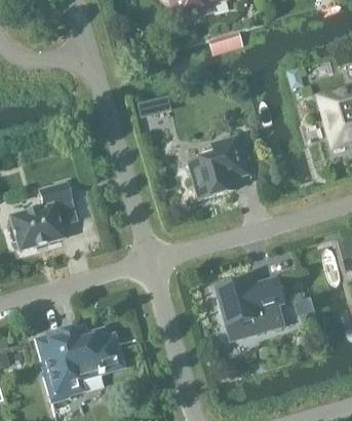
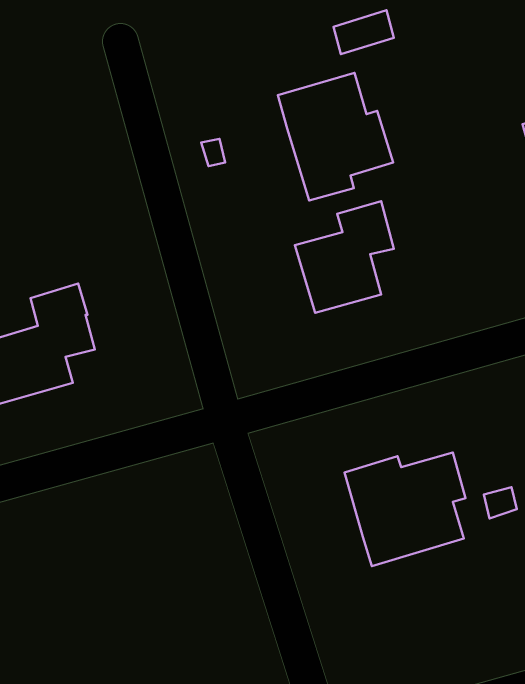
building: none -> [278,73,393,201]
building: [36,326,122,401] -> none

